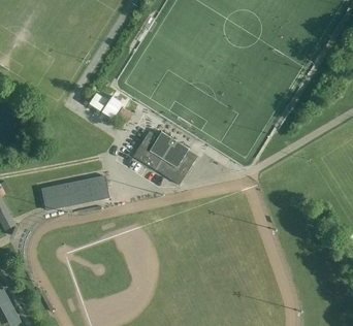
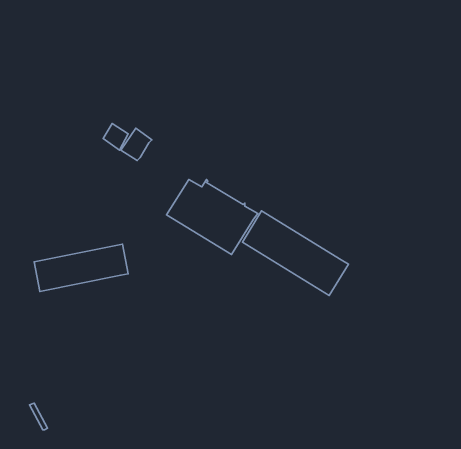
building: none -> [242,211,348,295]

